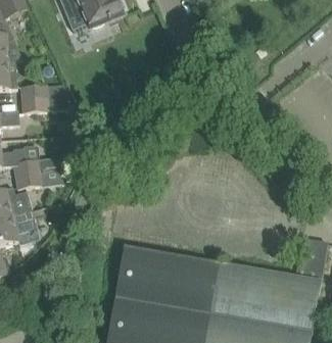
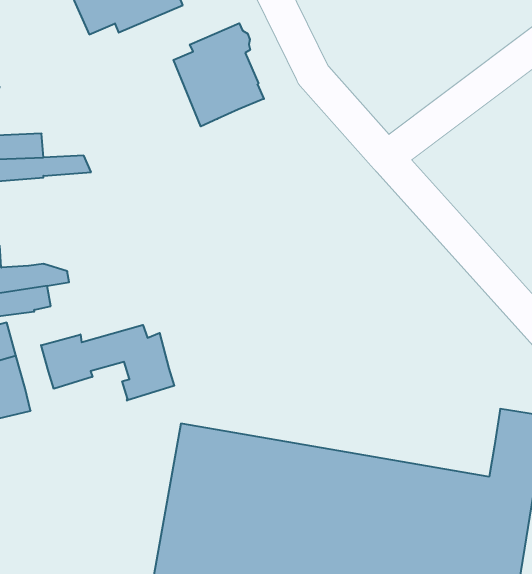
building: none -> [173,23,264,126]
building: none -> [41,325,174,401]

